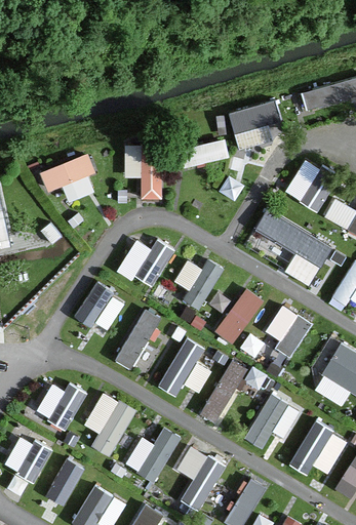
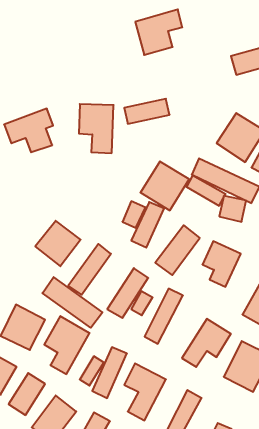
building: [227,98,281,151] -> [135,9,182,55]
building: [116,235,172,291] -> [140,161,189,210]
building: none -> [42,277,102,328]

